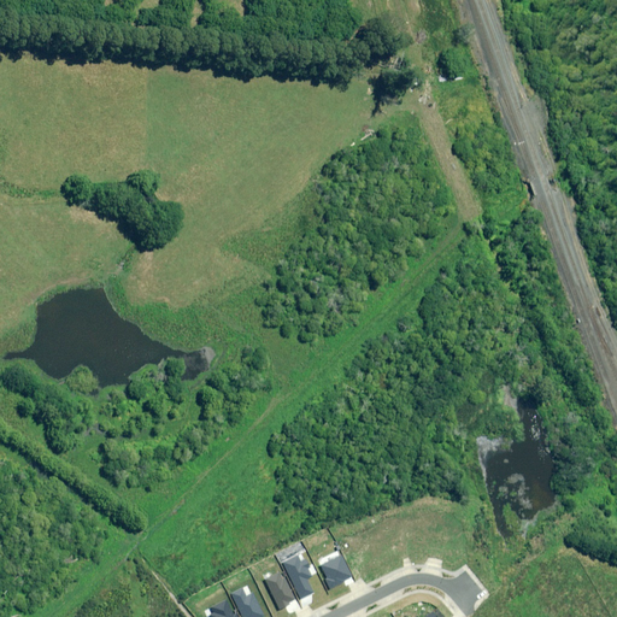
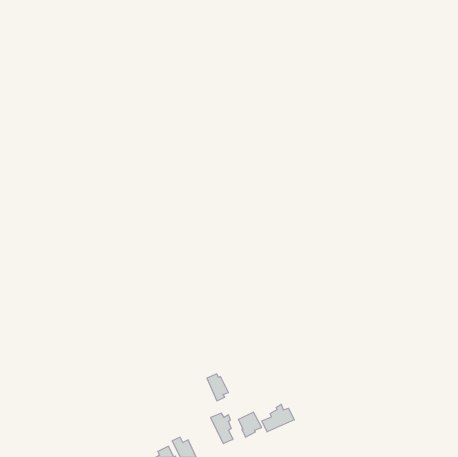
building: none -> [262,404,294,432]
building: [266,572,295,609] -> [207,374,228,401]

